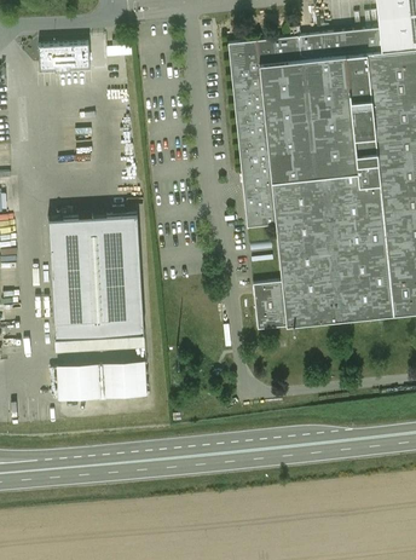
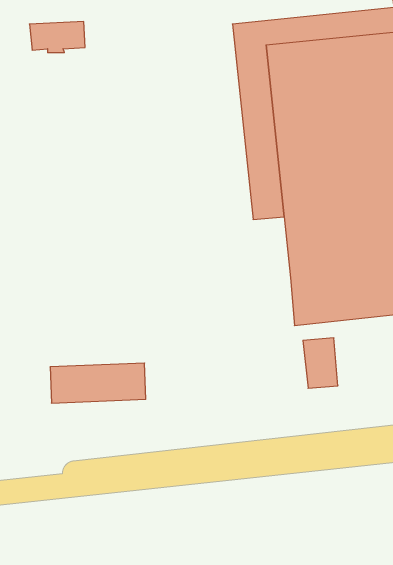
building: [50,215,144,337] -> none
building: [254,283,287,330] -> [303,338,338,388]

